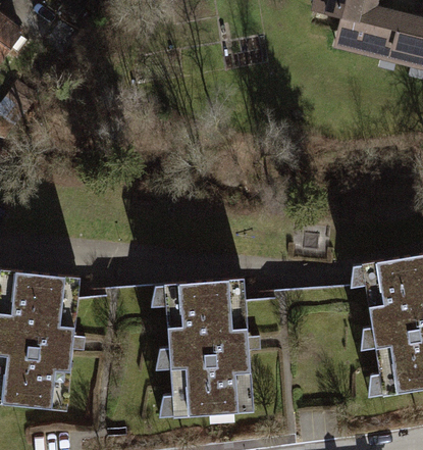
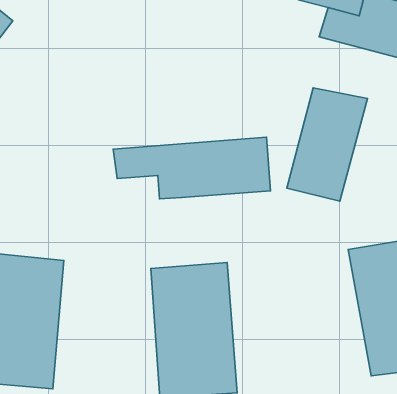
building: none -> [287,88,368,201]
building: none -> [113,137,271,199]

